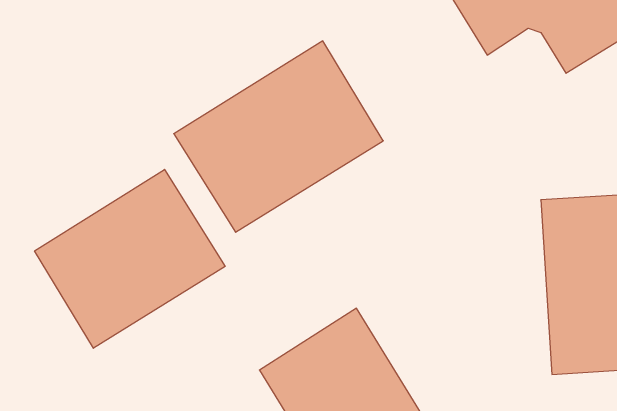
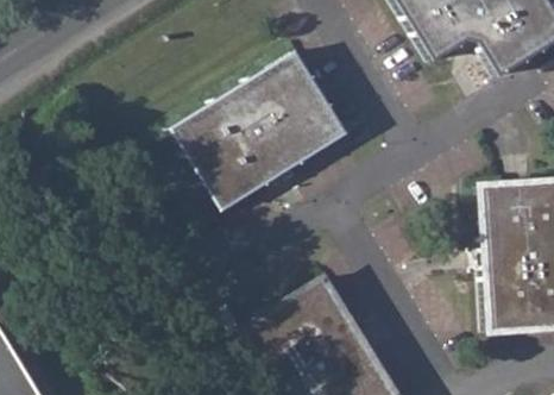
building: [35,169,225,348] -> none

